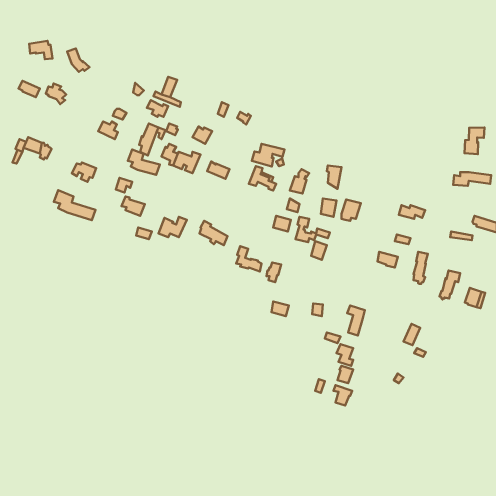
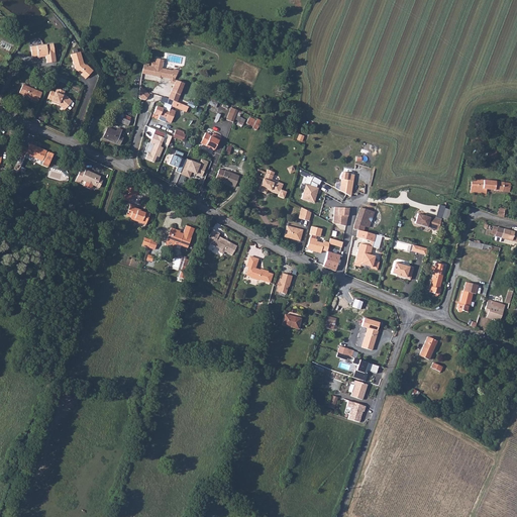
building: none -> [143,58,180,78]
building: [465,128,485,154] -> none
building: [252,144,284,167] -> none
building: [128,149,160,175] -> none
building: [54,190,95,220] -> none
building: none -> [355,228,381,269]

